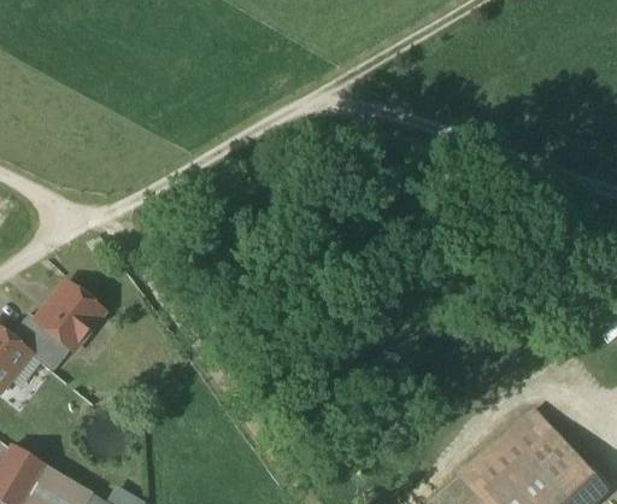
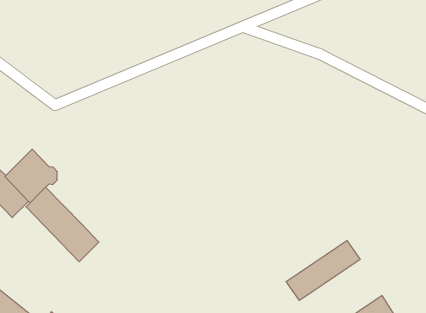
building: none -> [26,187,99,262]
building: none -> [286,241,360,300]

